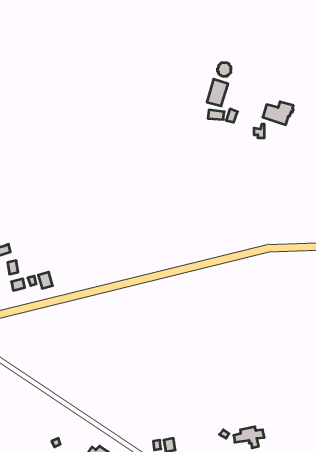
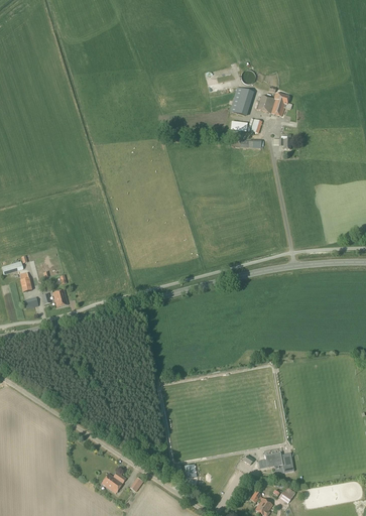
building: [263,102,293,125] -> [257,92,289,116]

